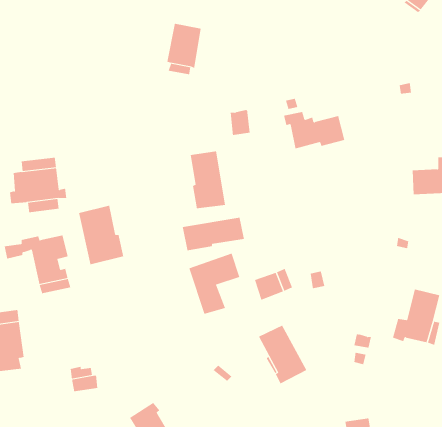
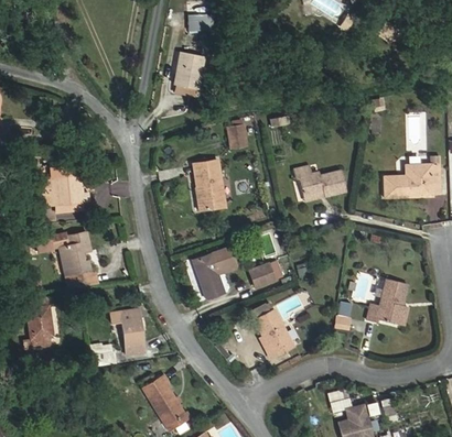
building: [283,112,345,149] -> [293,166,346,198]
building: [79,205,124,265] -> none
building: [182,217,244,251] -> none
building: none -> [110,308,144,354]

